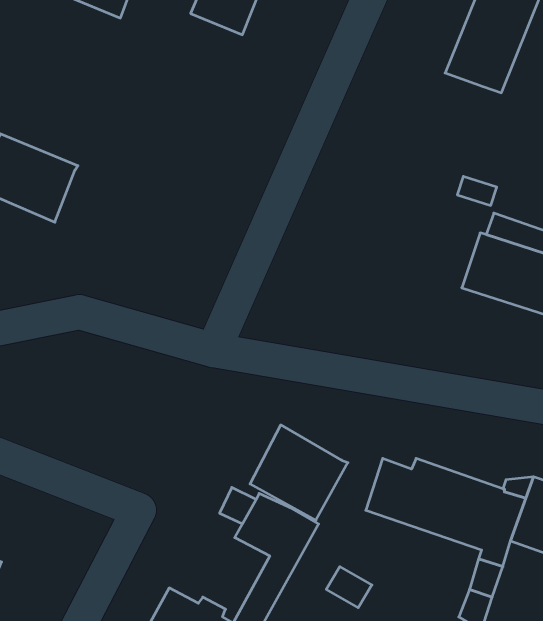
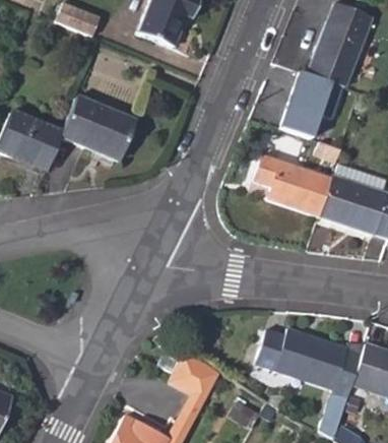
building: none -> [280,69,332,137]
building: none -> [60,97,134,160]
building: none -> [255,154,330,214]
building: [250,425,348,520] -> none

